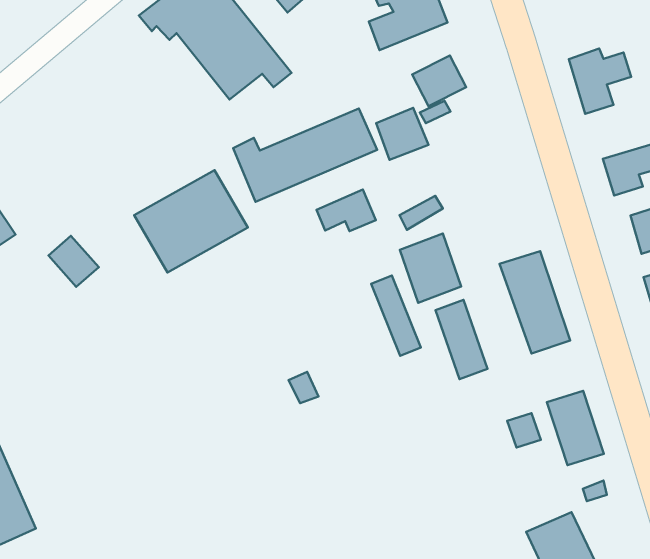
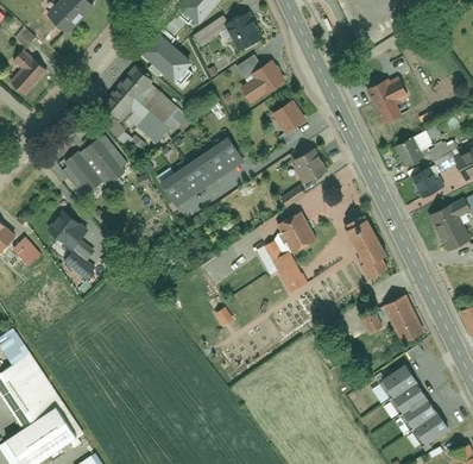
building: [376,108,428,160] -> [292,148,327,182]
building: [134,170,248,272] -> [56,131,127,199]
building: none -> [45,209,78,243]
building: [317,189,376,231] -> none
building: [435,300,488,379] -> none

